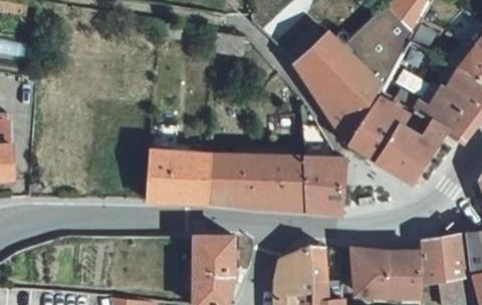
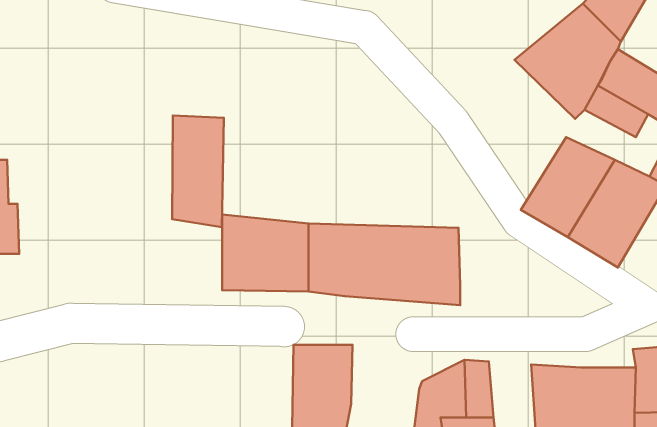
building: [293,32,382,145] -> none
building: none -> [172,115,224,227]
building: [304,158,344,212] -> none

